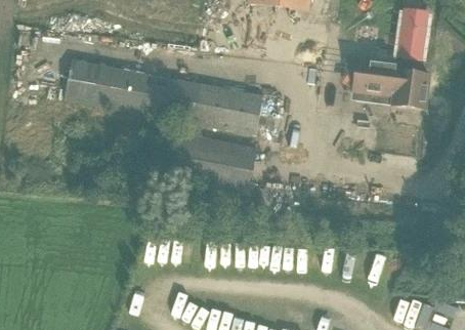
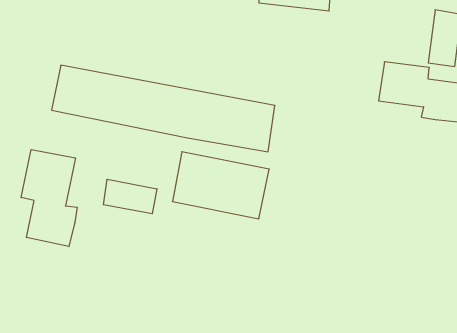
building: none -> [21,150,77,247]
building: none -> [103,179,157,214]

